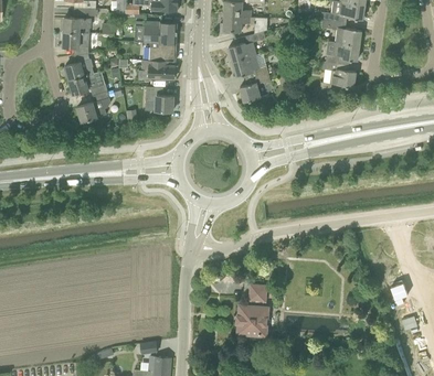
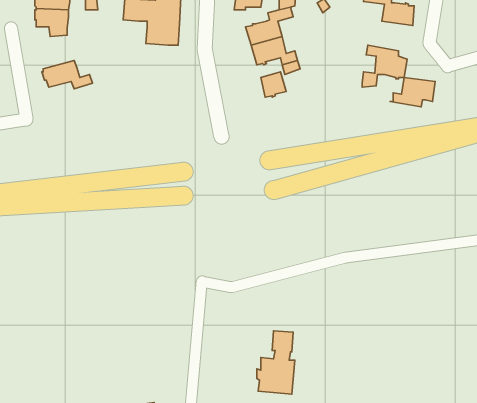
building: [324,43,359,66] -> [390,77,435,107]
building: [64,54,93,80] -> none
building: [138,61,174,82] -> none
building: [145,87,172,112] -> none
building: [76,92,110,122] -> none

